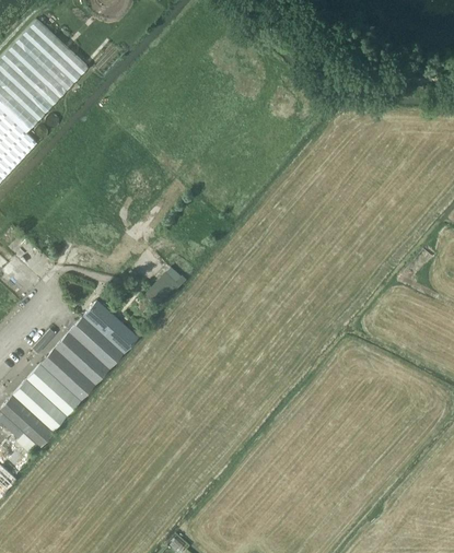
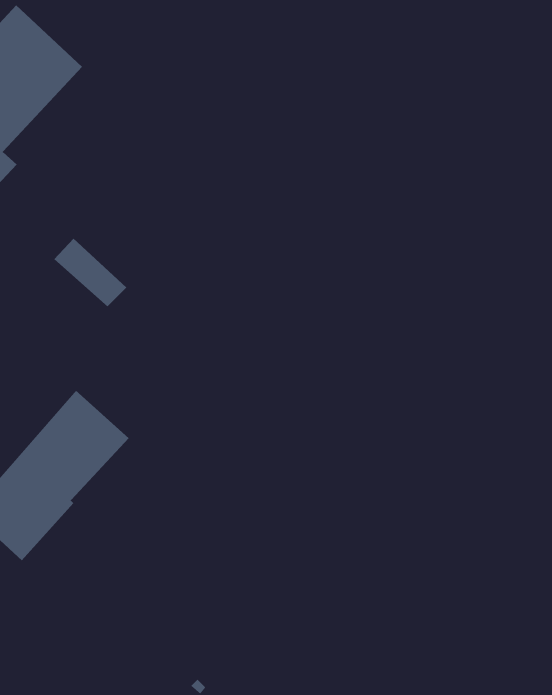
building: [142,271,186,307] -> none
building: [81,299,138,353] -> [54,238,127,307]

